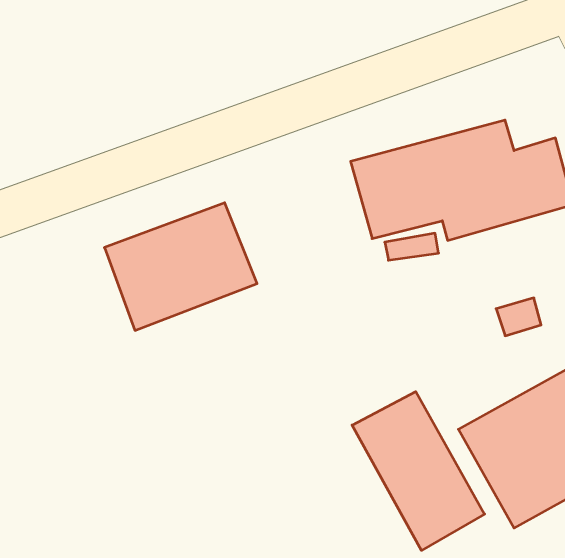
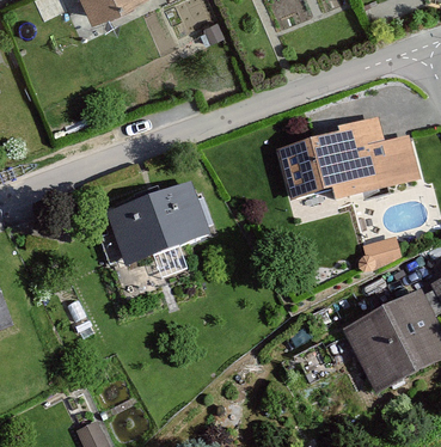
building: [352,392,485,550] -> none

